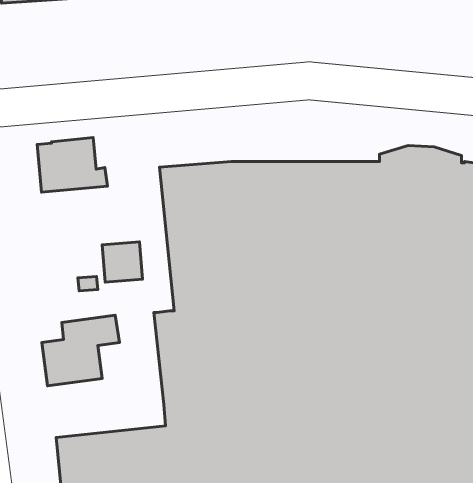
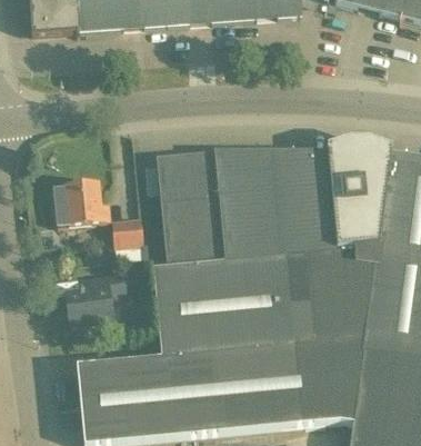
building: [37,137,108,192] -> [53,181,108,224]

